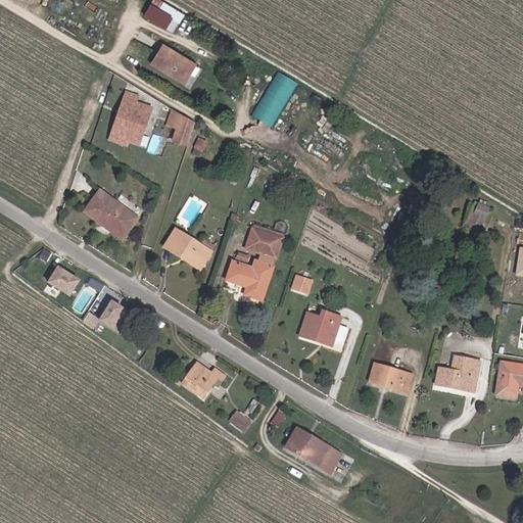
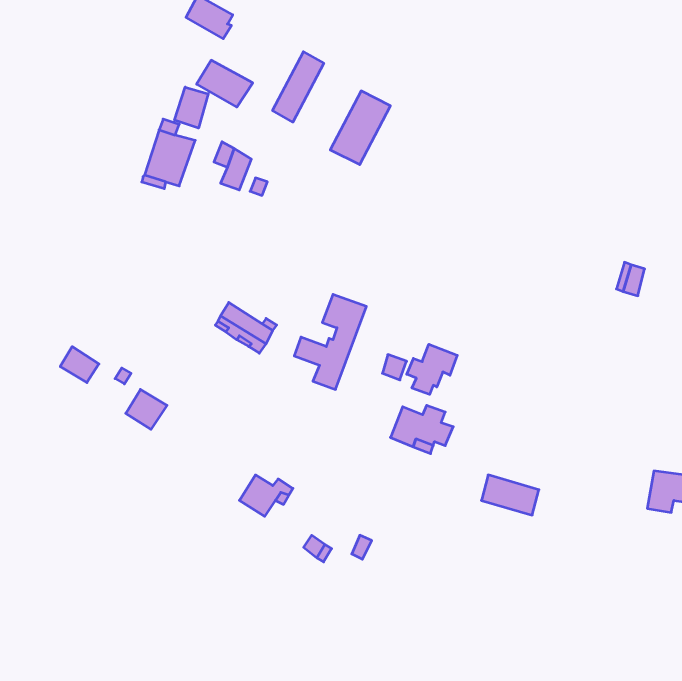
building: none -> [273,52,324,122]
building: none -> [175,87,208,128]
building: [84,191,136,235] -> none
building: none -> [407,344,457,394]
building: [440,354,472,389] -> none
building: [285,426,340,471] -> none

